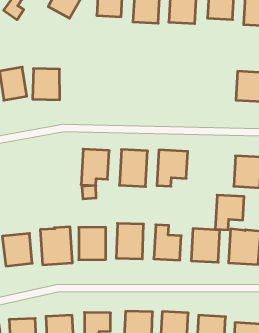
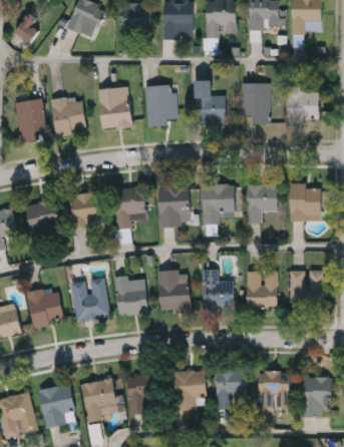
building: none -> [195,80,225,122]
building: none -> [145,85,176,125]
building: none -> [97,87,131,130]
building: none -> [241,82,268,123]
building: none -> [73,193,101,225]
building: none -> [26,199,59,243]
building: [215,195,244,230] -> [246,183,277,222]

